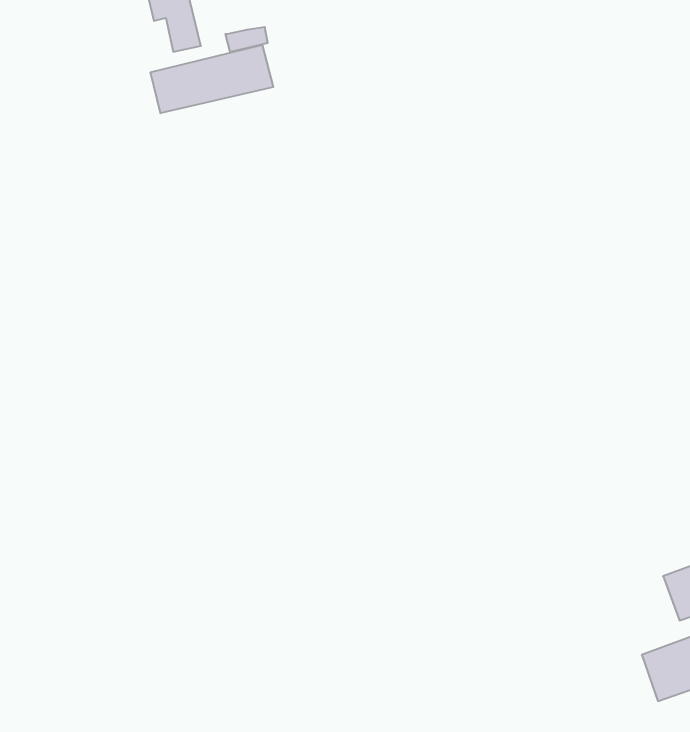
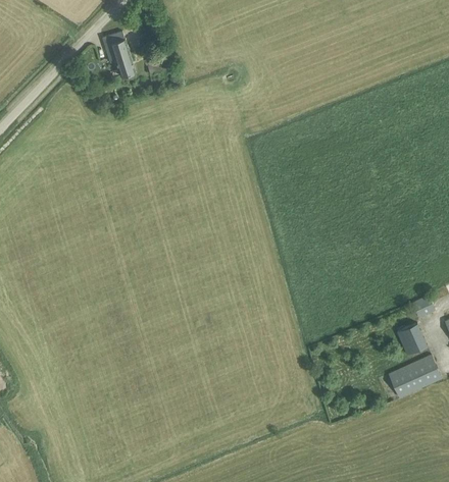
building: [151,45,273,113] -> none

